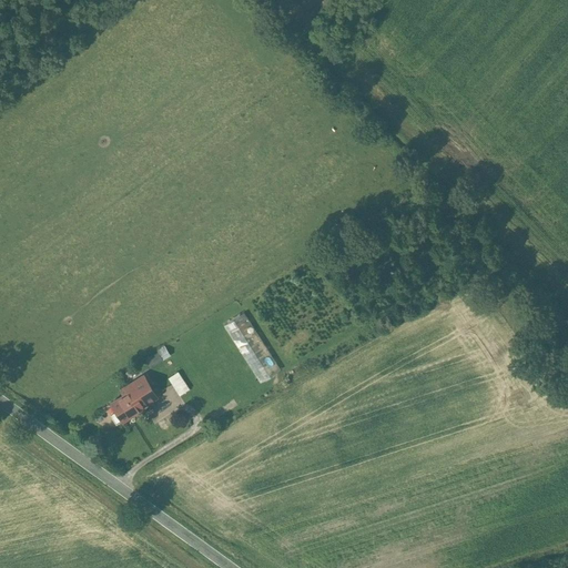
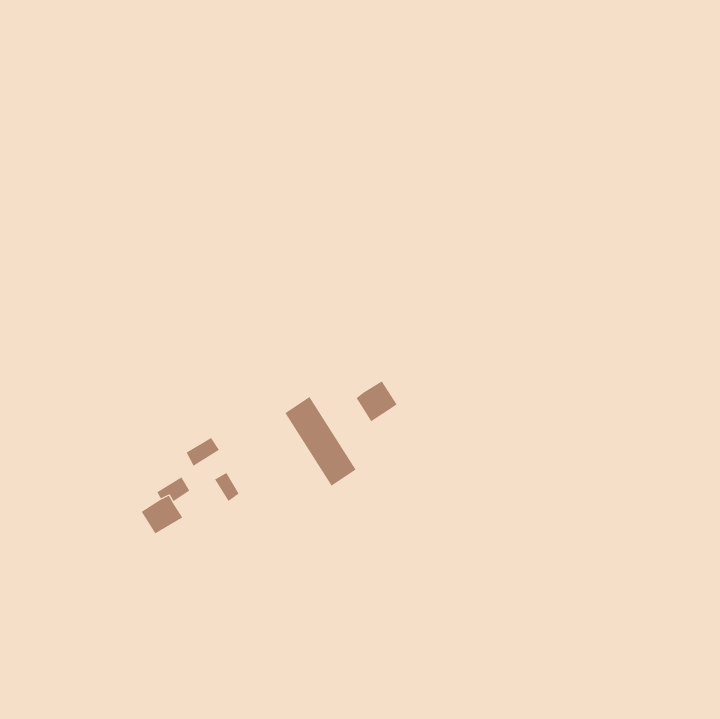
building: none -> [356,380,397,422]

